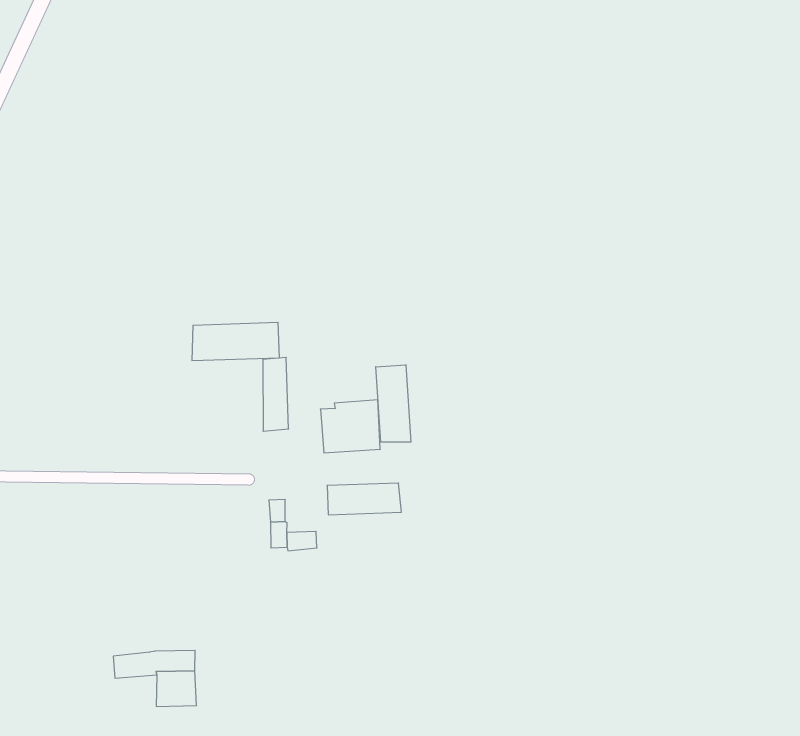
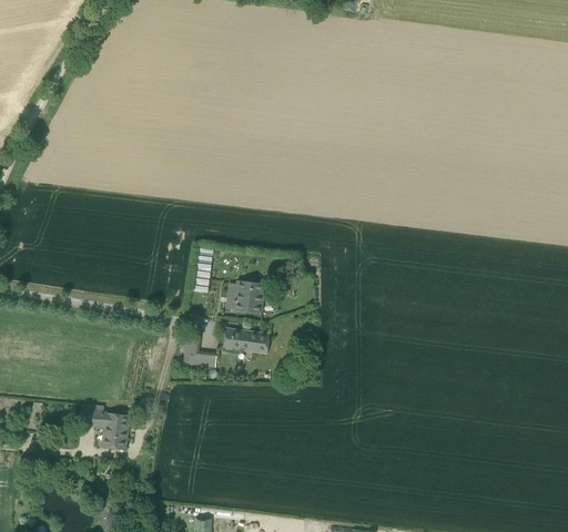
building: [192,322,279,361] -> none
building: [376,365,411,442] -> none

